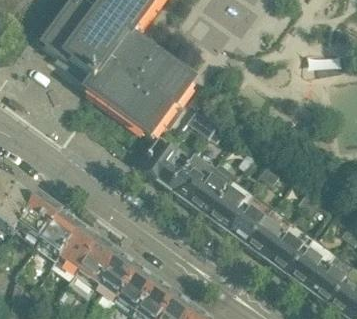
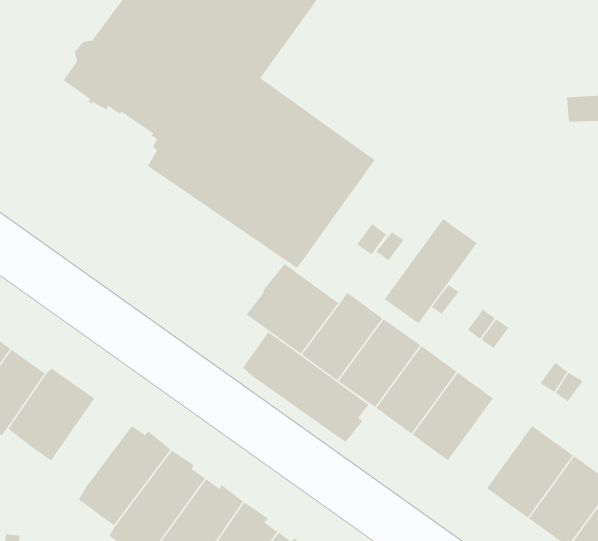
building: none -> [384,218,478,324]
building: none -> [242,331,369,443]
building: [37,212,79,258] -> none
building: [245,212,289,259] -> none

